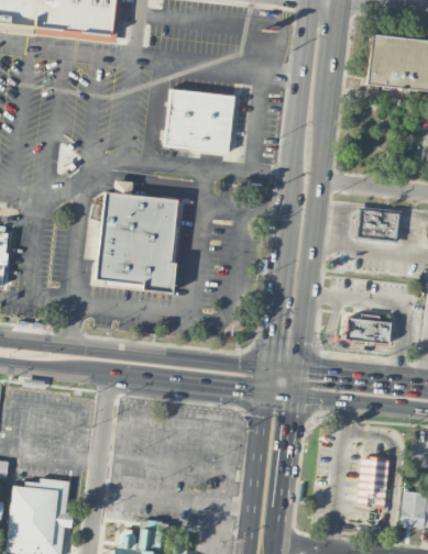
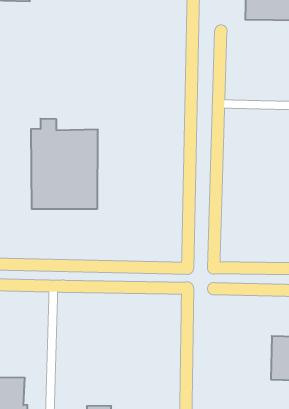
building: [163,87,235,153] -> none
building: [355,208,400,241] -> none
building: [344,314,391,343] -> none

